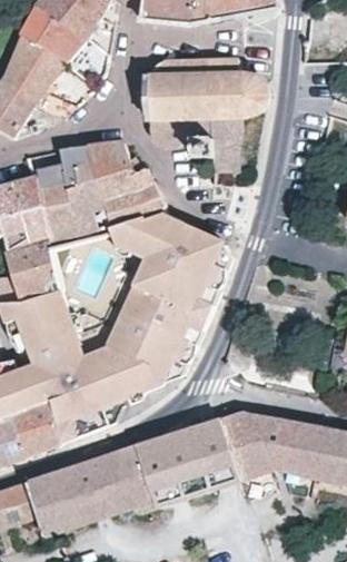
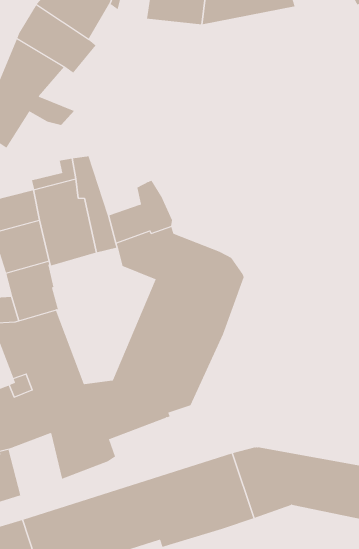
building: [148,58,265,169] -> none
building: [86,140,140,200] -> none
building: [12,401,60,457] -> none

